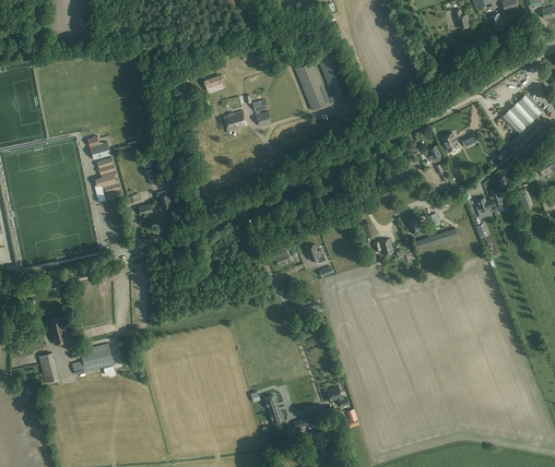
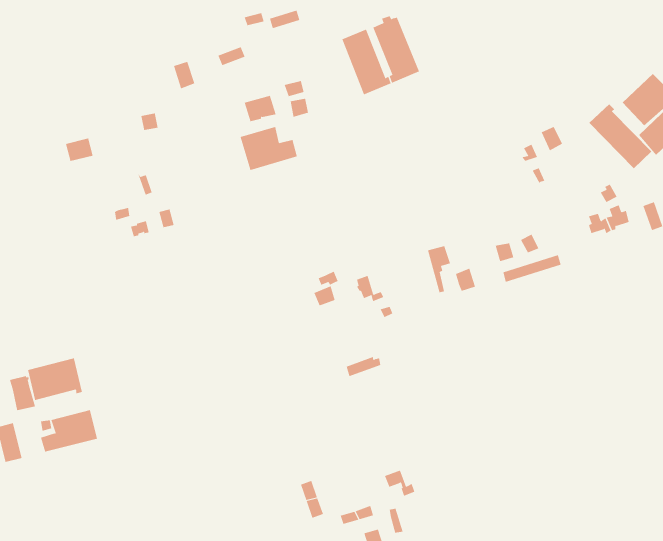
building: none -> [588,103,652,169]
building: none -> [240,126,297,171]
building: [95,157,122,200] -> none
building: none -> [27,357,83,401]

